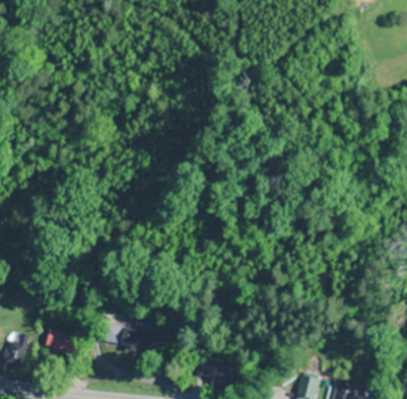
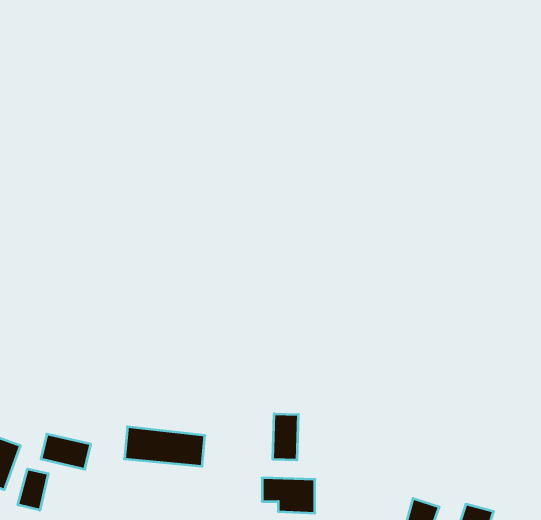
building: none -> [273,414,298,460]
building: none -> [18,469,48,510]

